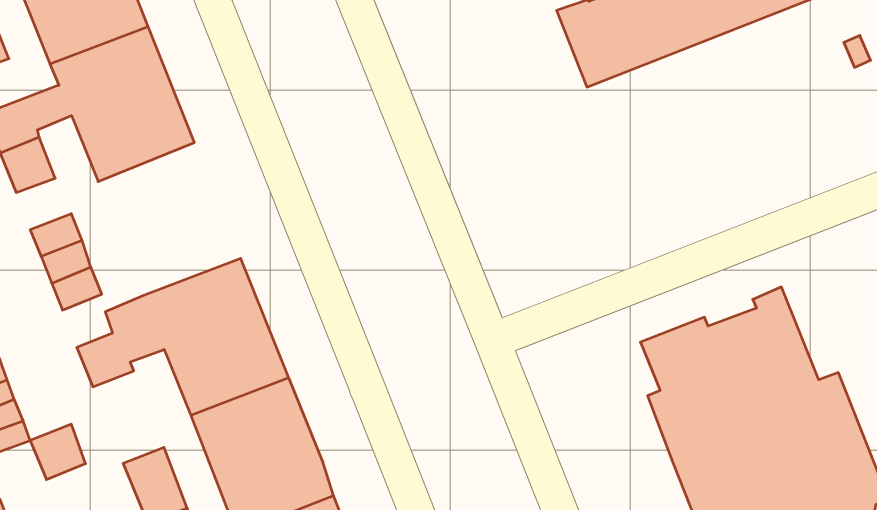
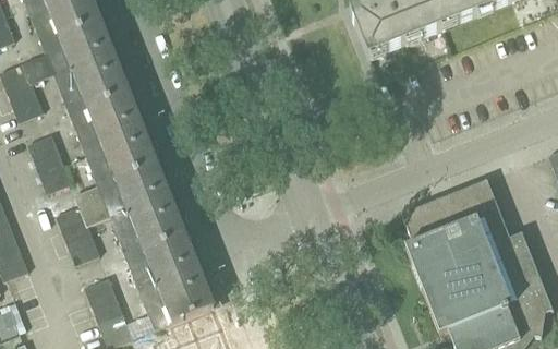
building: none -> [69,88,156,182]
building: [30,424,86,480] -> [65,228,99,262]

